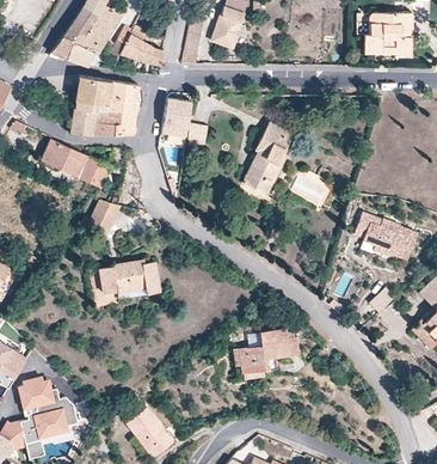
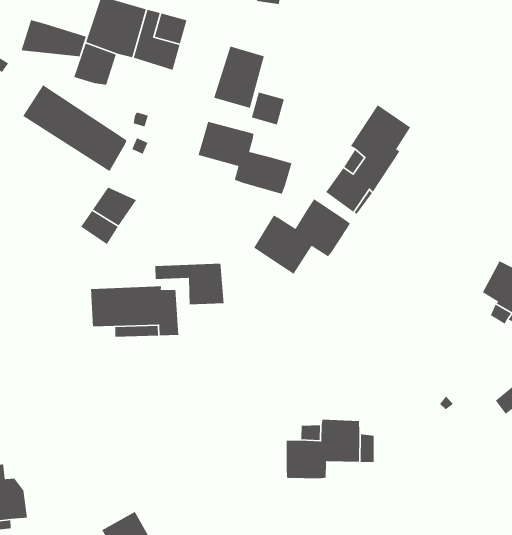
building: [91,112,133,134] -> [21,19,87,57]
building: none -> [197,121,292,195]
building: none -> [253,198,351,275]
building: none -> [154,263,224,305]

